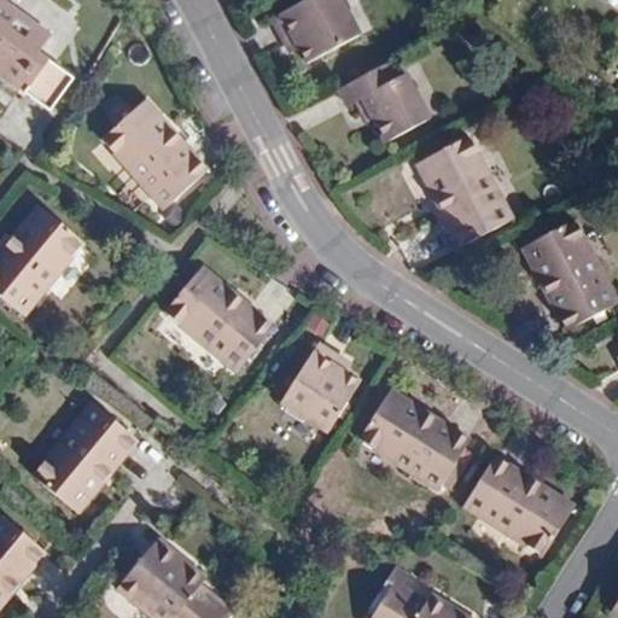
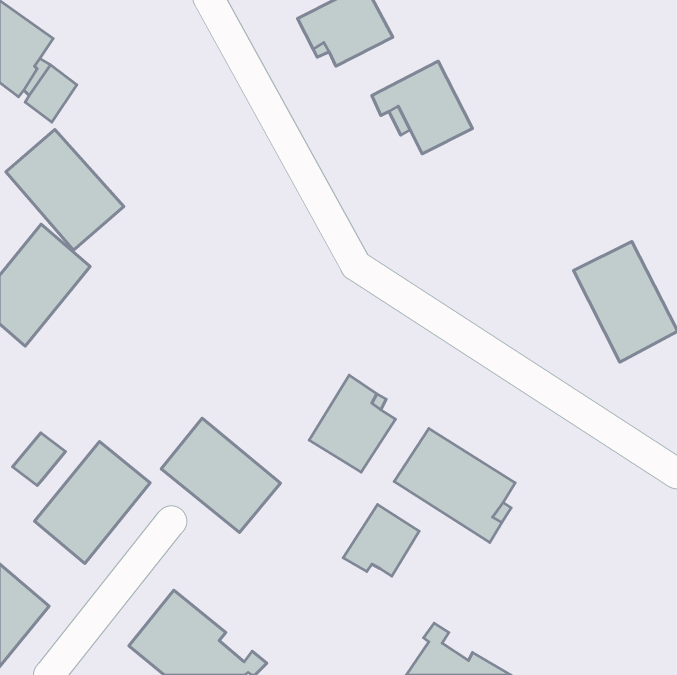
building: [100,99,208,209] -> [6,130,124,250]
building: [418,135,511,244] -> none
building: [164,267,273,371] -> [161,418,281,532]
building: none -> [12,433,65,485]
building: [464,455,573,555] -> none
building: none -> [343,505,419,576]

